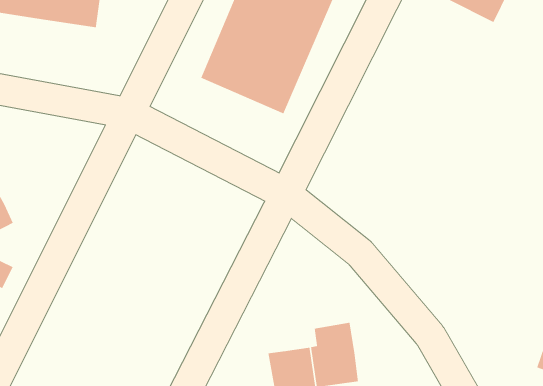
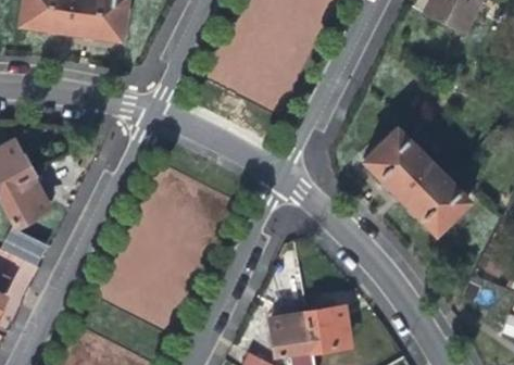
building: none -> [364,128,468,232]

